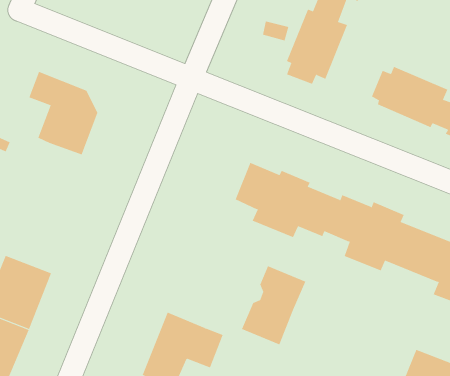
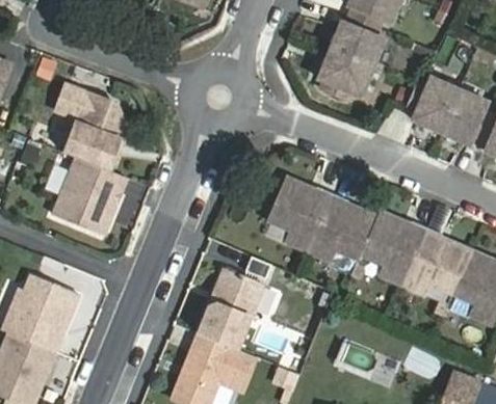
building: none -> [53,159,126,235]
building: [241,265,306,345] -> [197,267,263,349]

